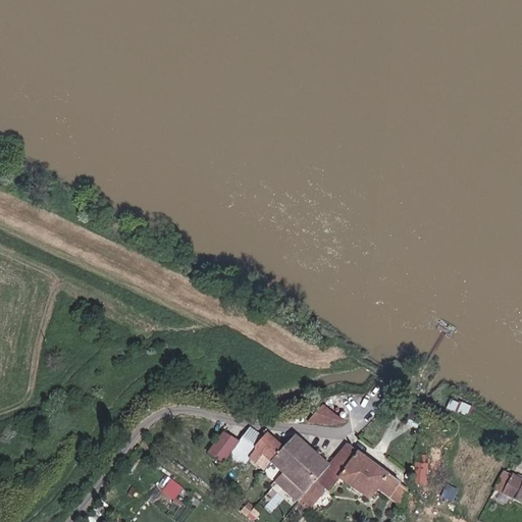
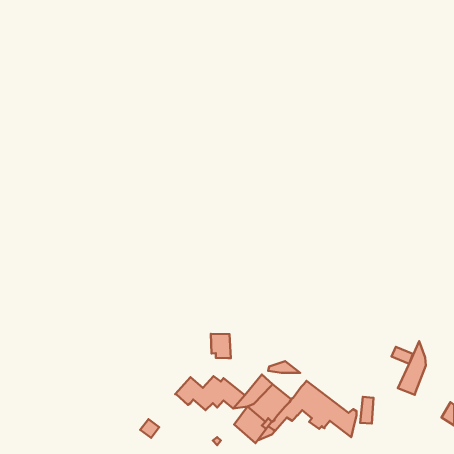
building: none -> [211,334,231,358]
building: none -> [398,341,426,395]

